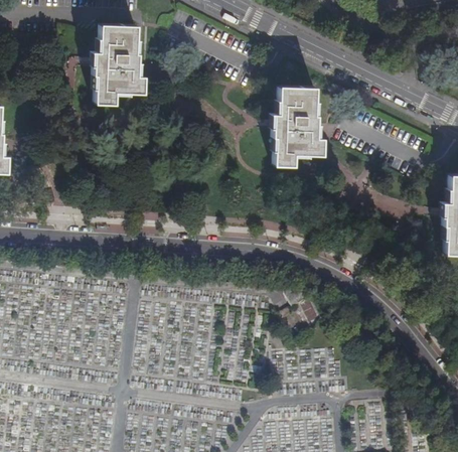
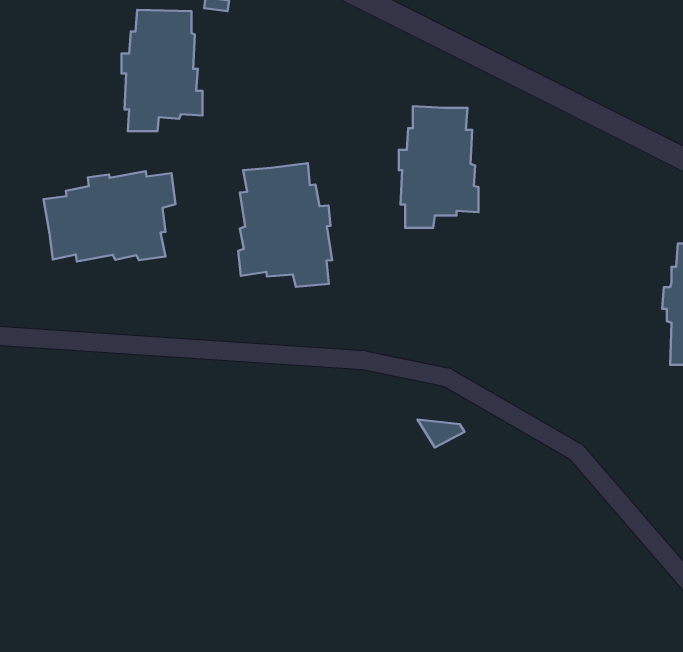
building: none -> [238,163,332,287]
building: none -> [43,171,175,261]

